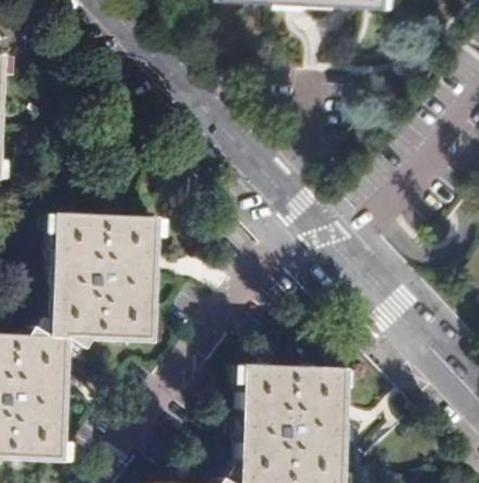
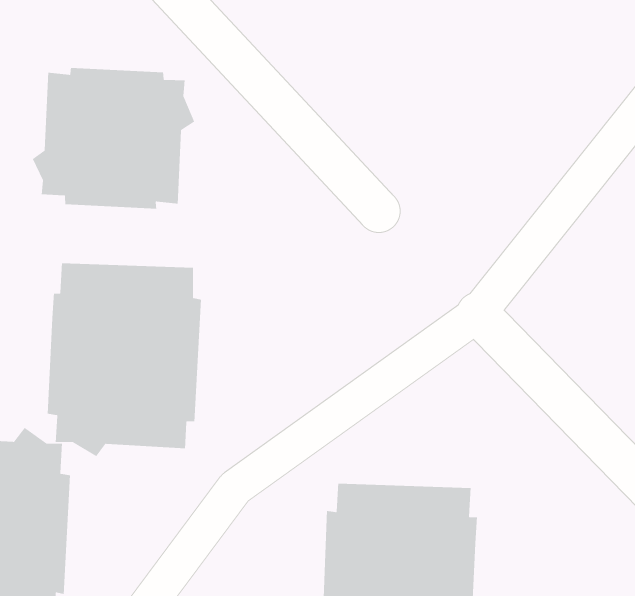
building: none -> [32,67,195,209]

